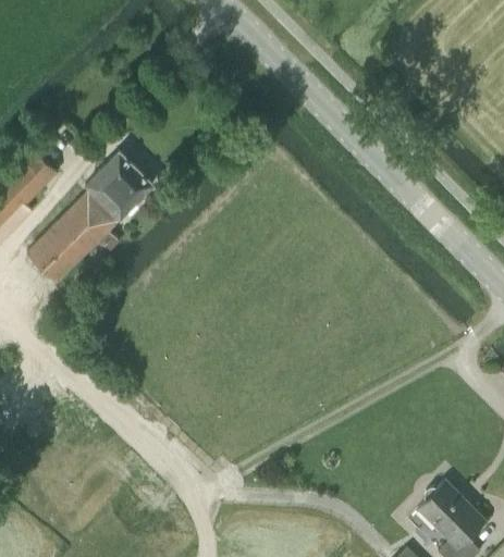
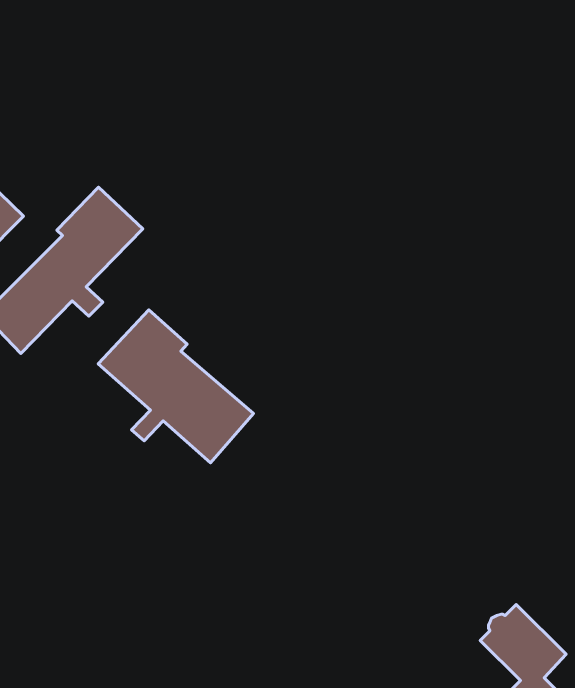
building: none -> [98,310,254,463]

